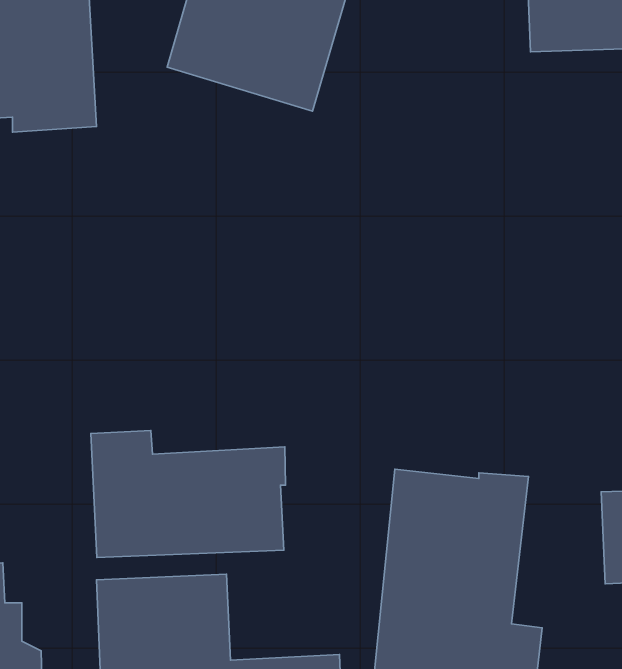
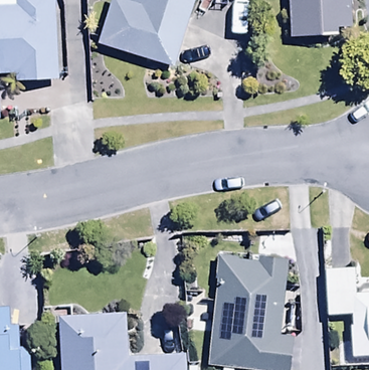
building: [91,430,285,558] -> none

